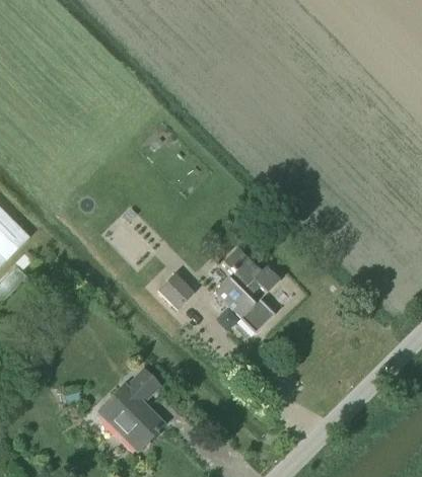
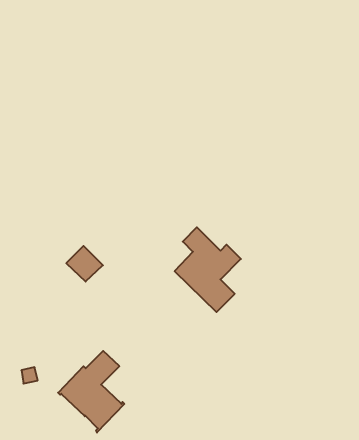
building: [157,273,194,309] -> [66,246,103,282]

